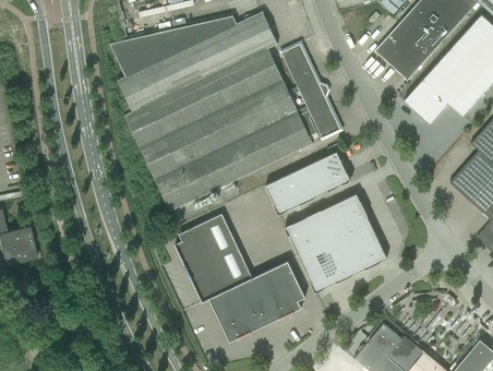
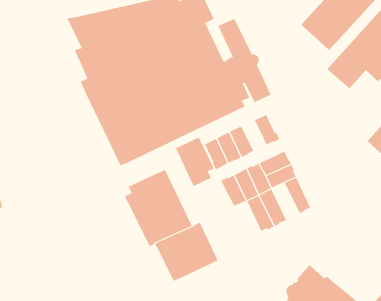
building: [308,158,336,193] -> none
building: [341,229,373,272] -> none
building: [299,250,329,292] -> none
building: [261,261,305,318] -> [175,137,215,187]

